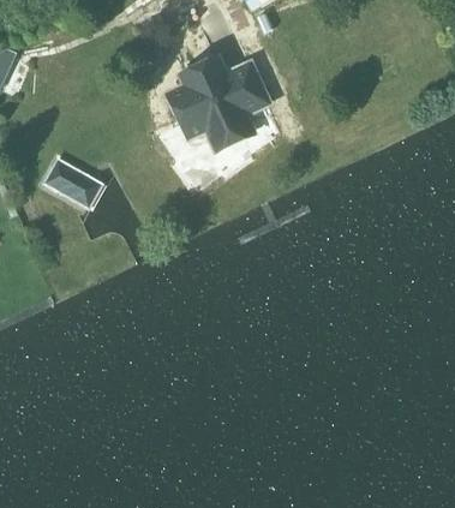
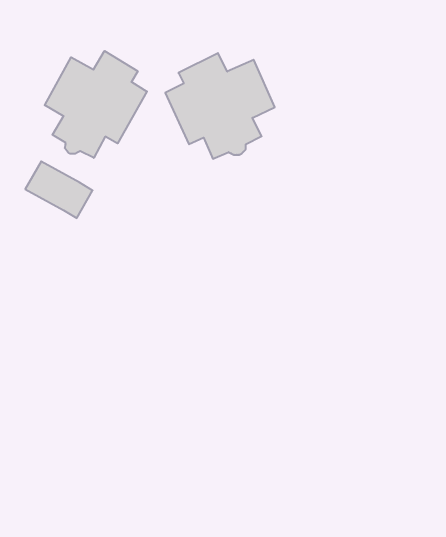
building: none -> [45,51,147,158]

